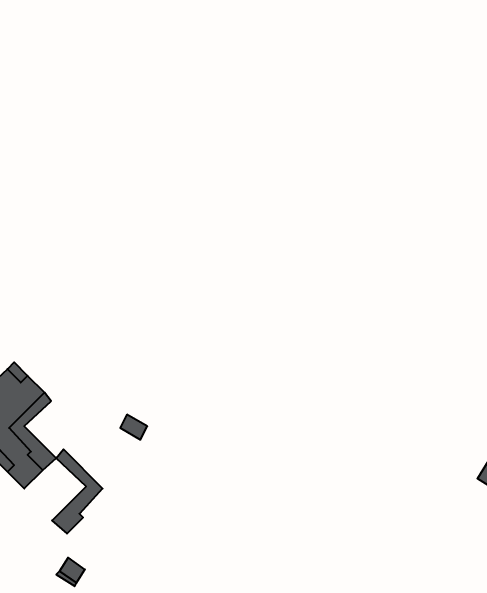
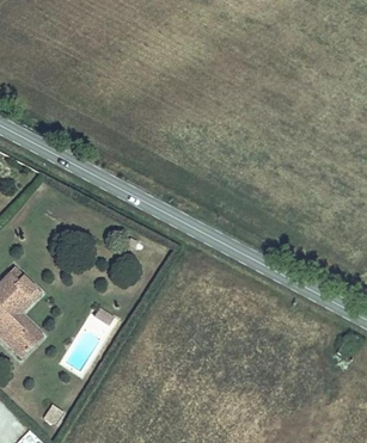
building: [52,449,103,534] -> none

